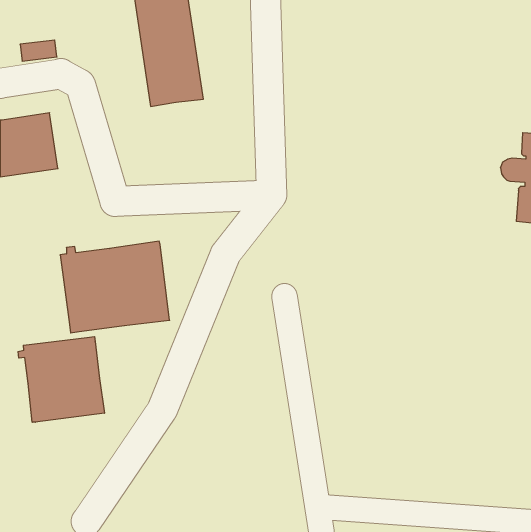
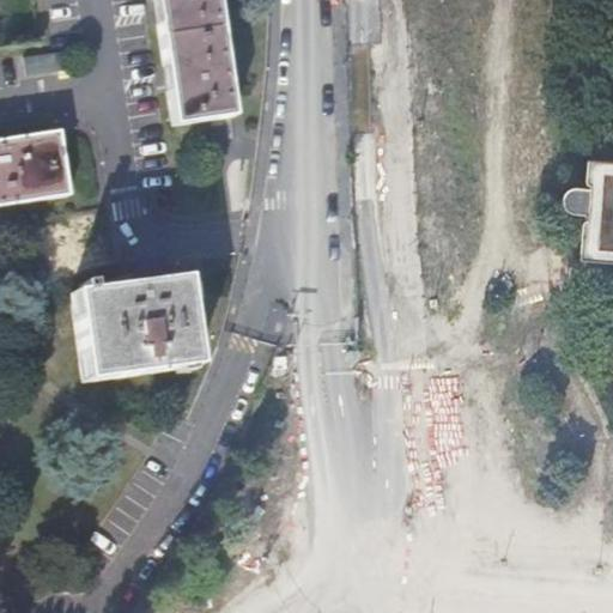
building: [18,337,104,422] -> none

